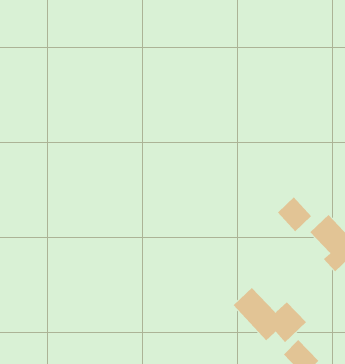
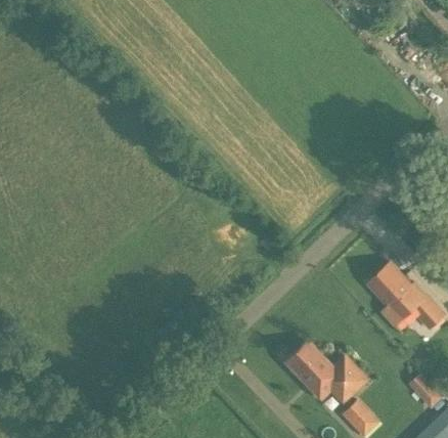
building: [277,197,312,232] -> none

